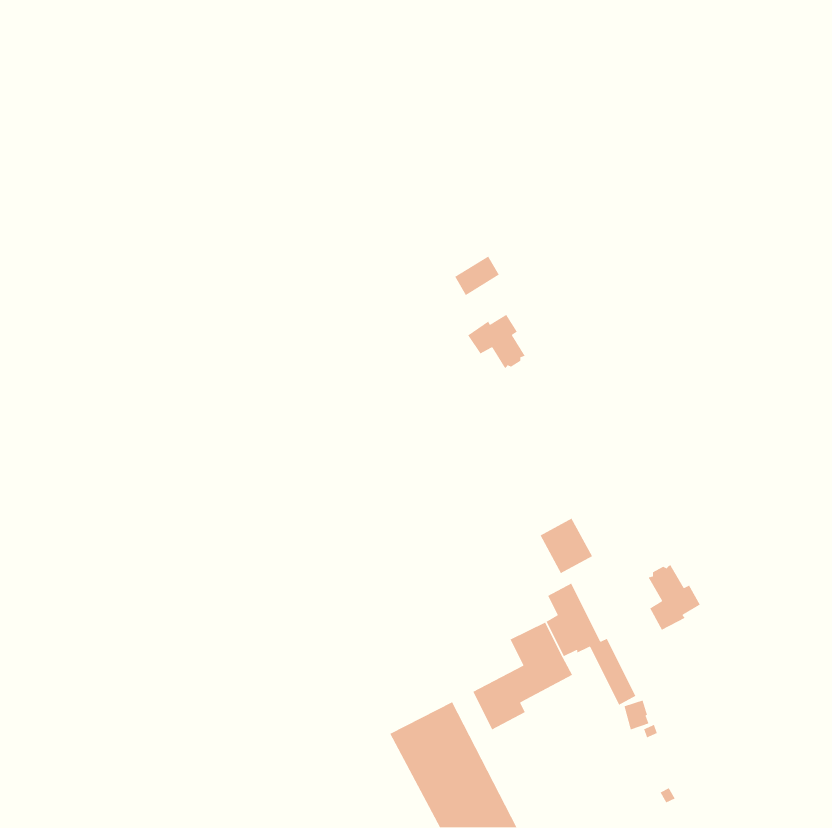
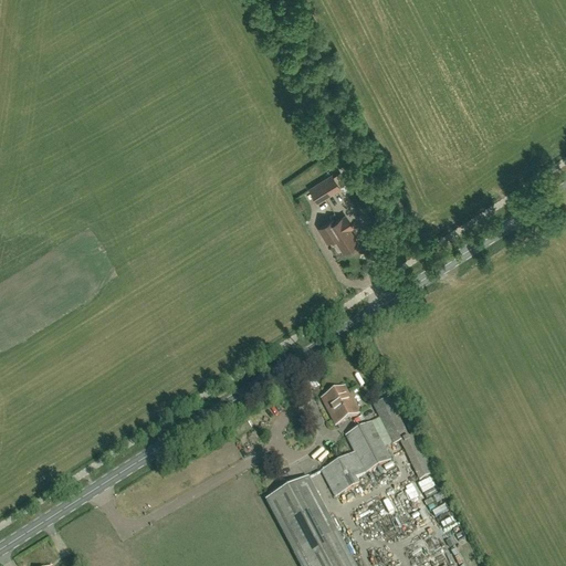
building: [539,517,593,574] -> [321,386,357,424]
building: [647,564,701,631] -> none

